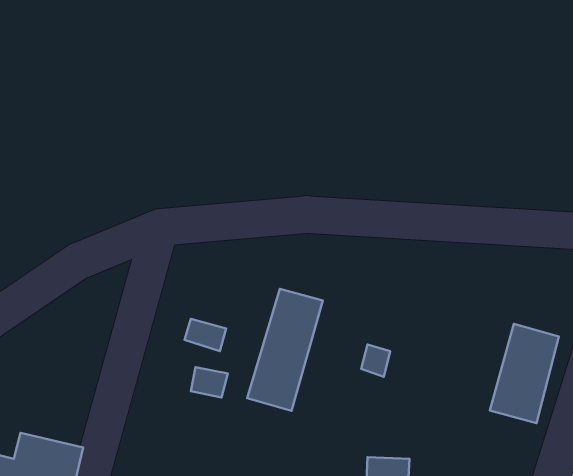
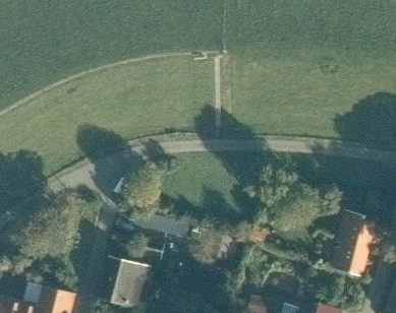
building: [247,289,323,411] -> none
building: none -> [99,255,152,303]

